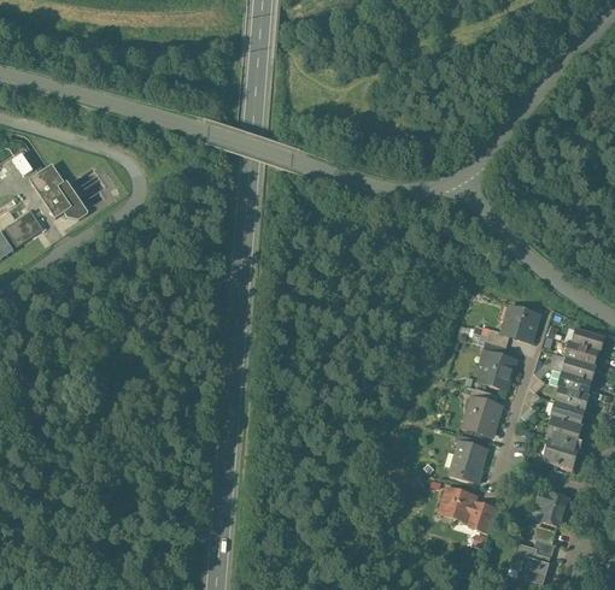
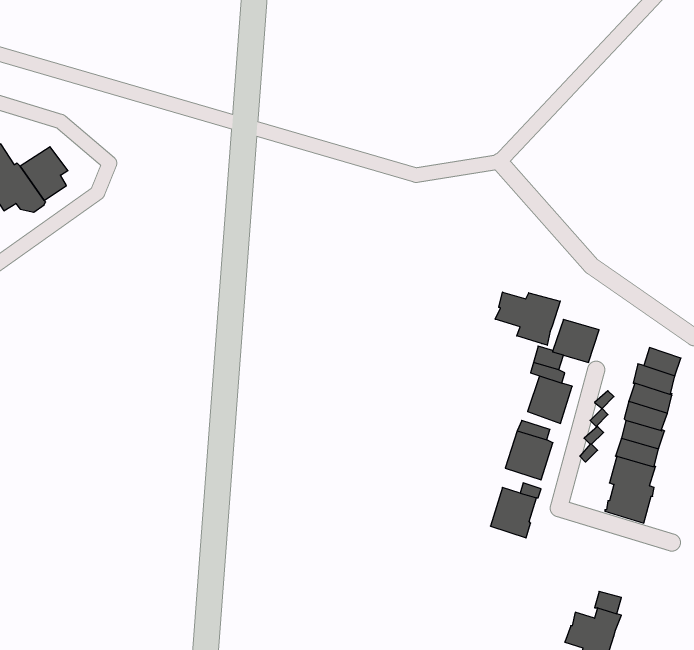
building: none -> [495,292,560,345]
building: [443,490,496,533] -> none
building: [537,492,568,527] -> none

